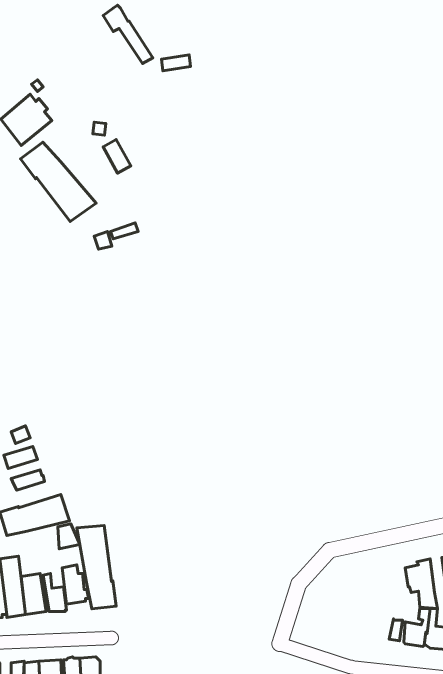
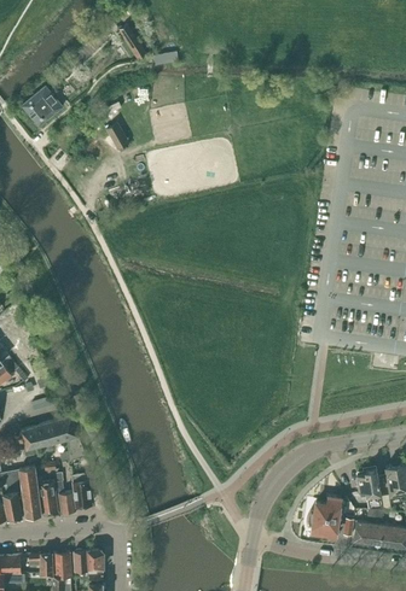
building: [21,142,96,222] -> none
building: [77,526,116,609] -> none
building: none -> [306,498,338,537]

